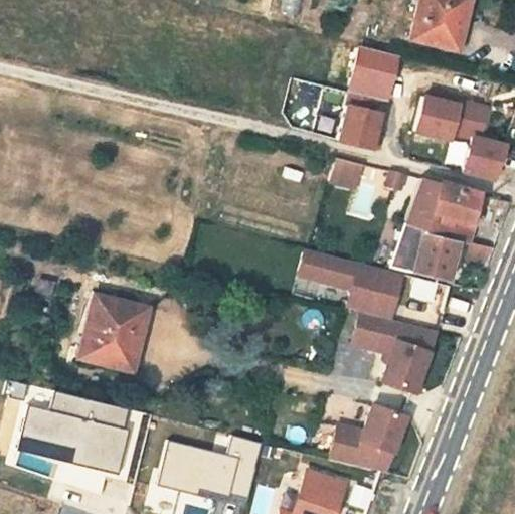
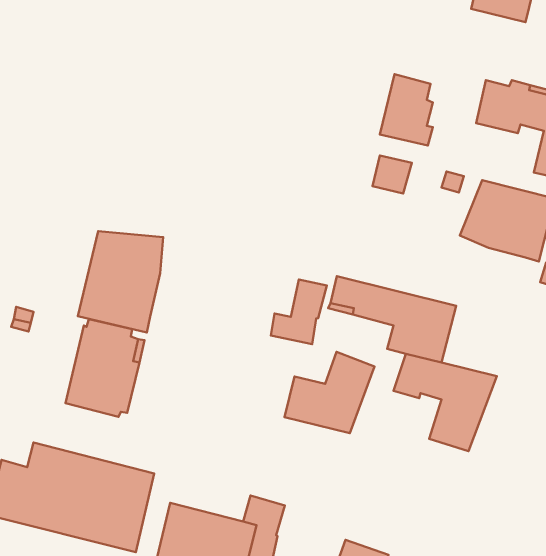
building: [349,45,397,100] -> none
building: none -> [78,231,163,333]
building: [387,222,458,285] -> none
building: none -> [271,279,327,344]
building: [331,405,404,472] -> [285,352,375,433]

